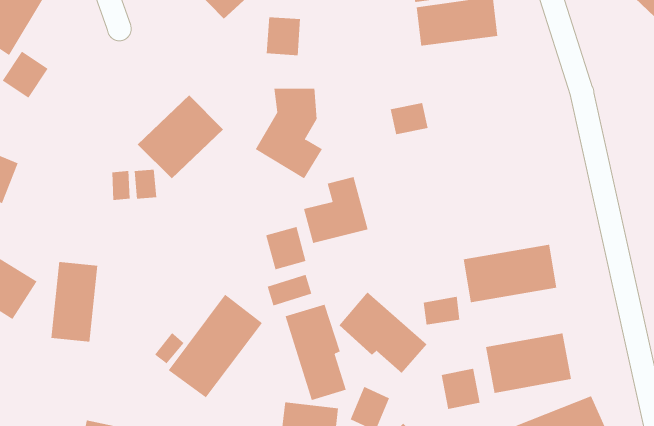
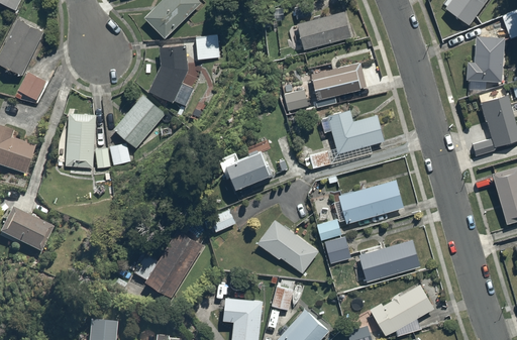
building: none -> [309,66,366,107]
building: [255,88,323,179] -> [148,46,195,109]
building: none -> [309,110,382,168]
building: [266,226,306,270] -> none
building: [50,261,98,342] -> [66,113,95,166]
building: [285,304,346,401] -> none
building: [441,368,480,409] -> [323,236,351,265]

